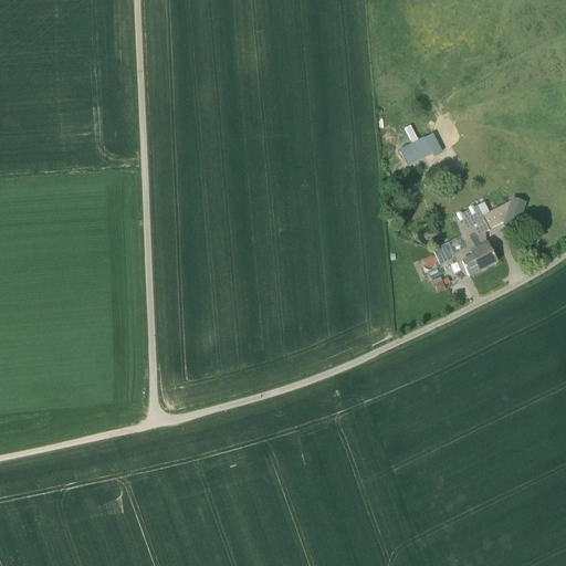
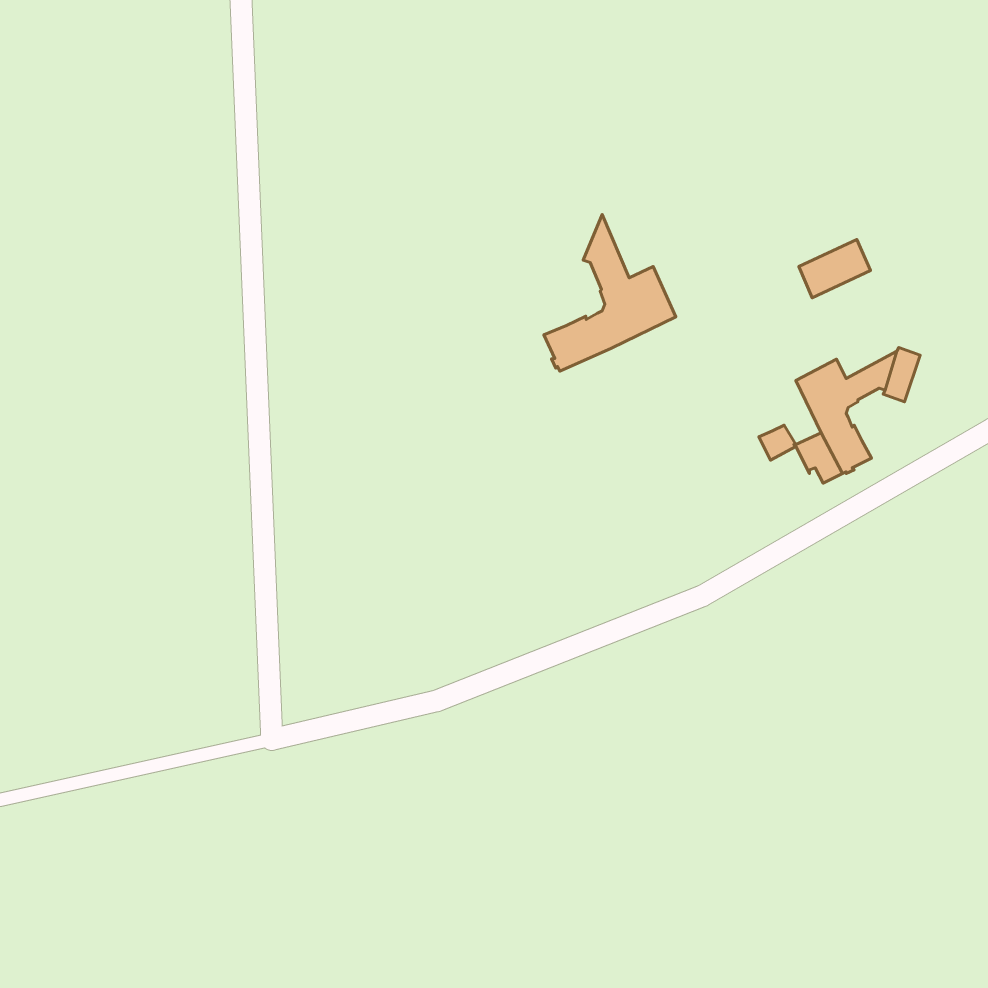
building: none -> [544,215,676,371]
building: [402,132,443,165] -> [799,239,871,298]

